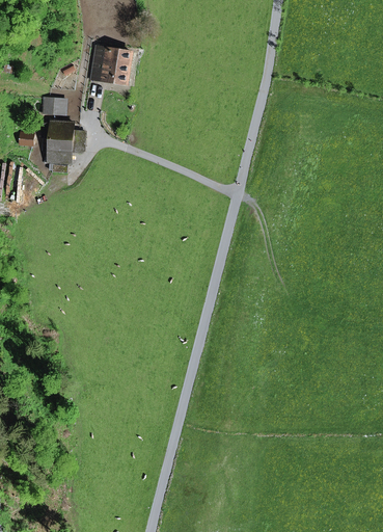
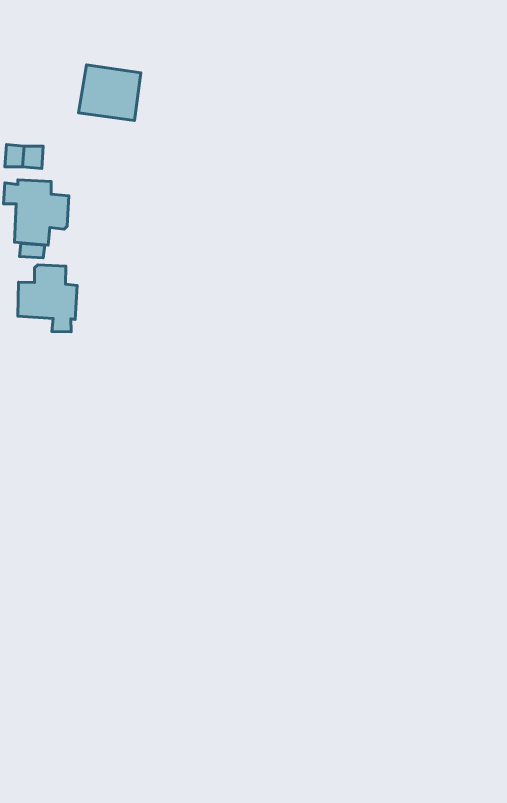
building: none -> [18,265,77,332]

